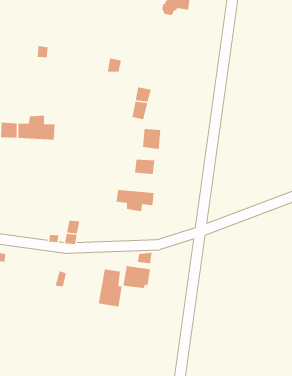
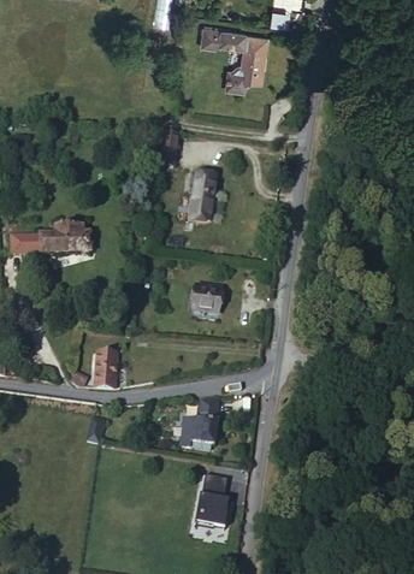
building: [142,128,161,150] -> none
building: [115,189,154,212] -> none
building: [98,269,123,307] -> [197,480,231,533]

